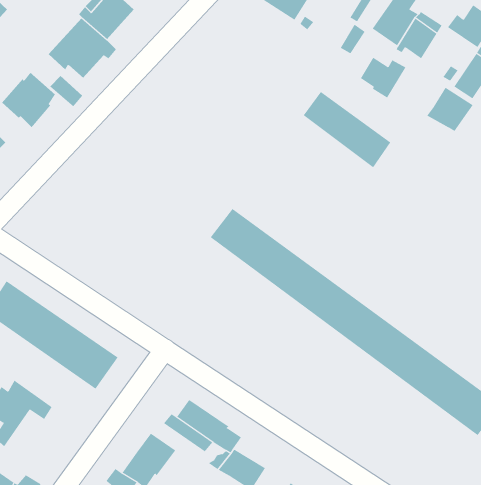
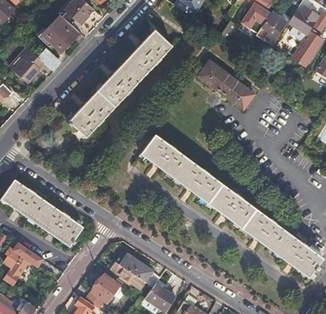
building: none -> [68,29,171,137]
building: [360,57,406,99] -> none
building: [426,87,473,132] -> none

